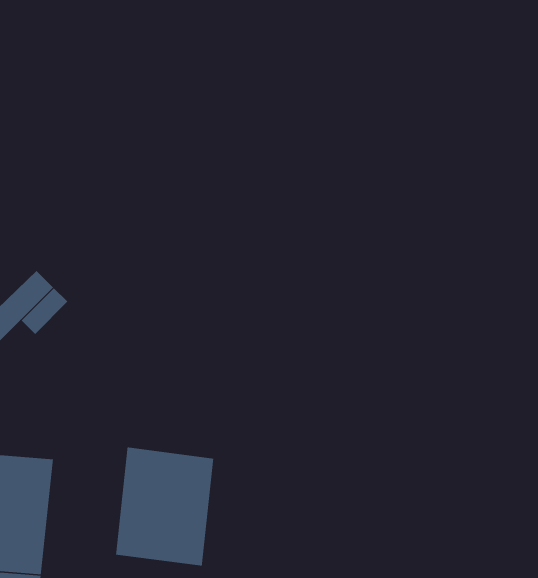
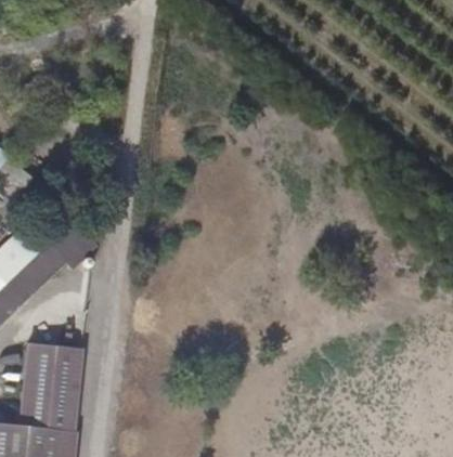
building: [115,447,214,567] -> none

